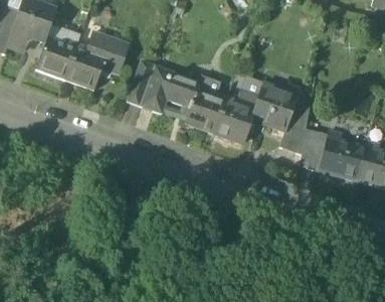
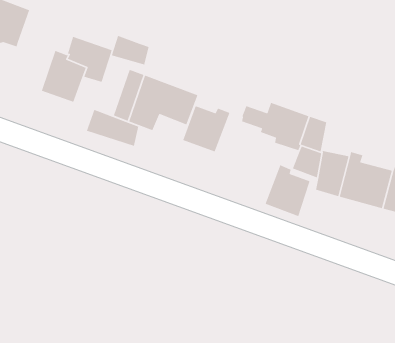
building: none -> [111,35,149,66]
building: [36,38,77,80] -> none
building: none -> [86,109,139,147]
building: [214,98,253,143] -> [265,164,311,217]

